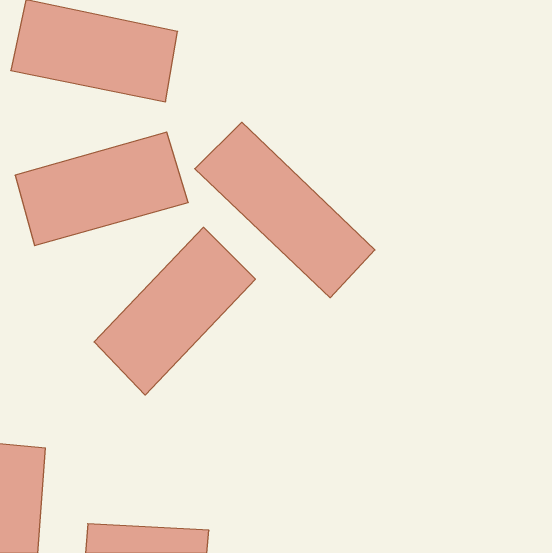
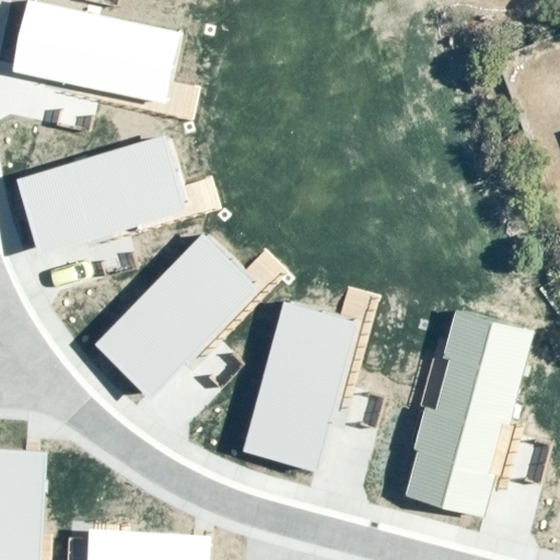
building: [195,122,375,298] -> none
building: none -> [242,300,358,472]
building: none -> [406,310,533,517]

